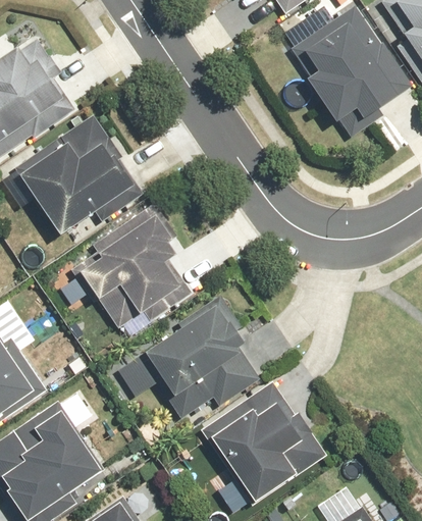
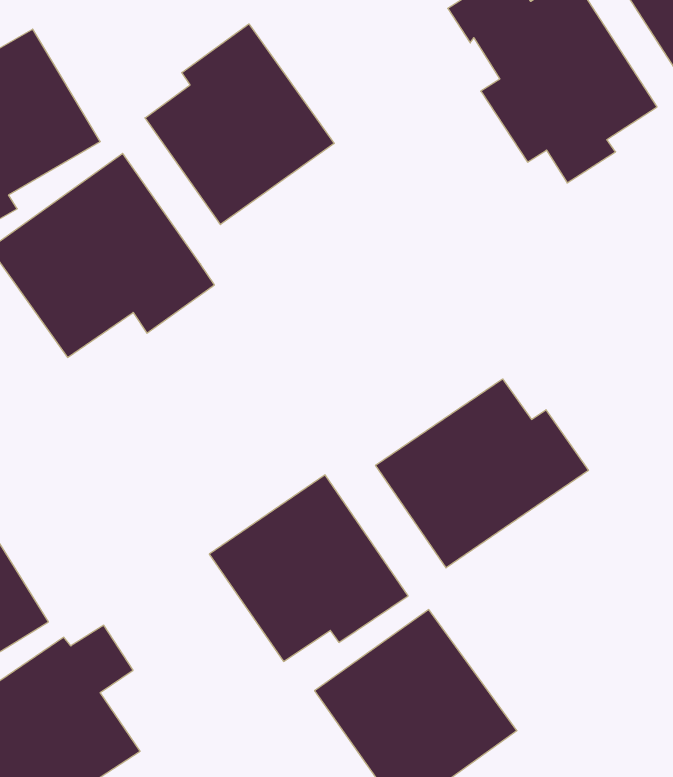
building: none -> [145,24,334,225]
building: [76,203,180,311] -> none
building: none -> [376,379,588,568]

